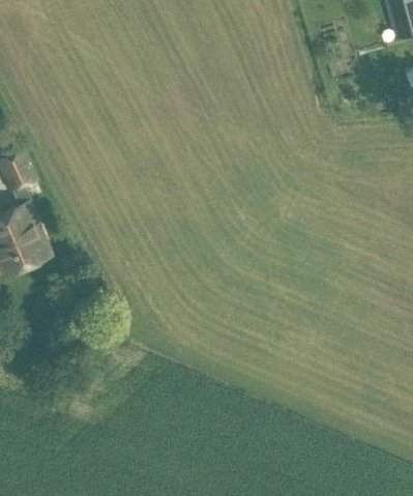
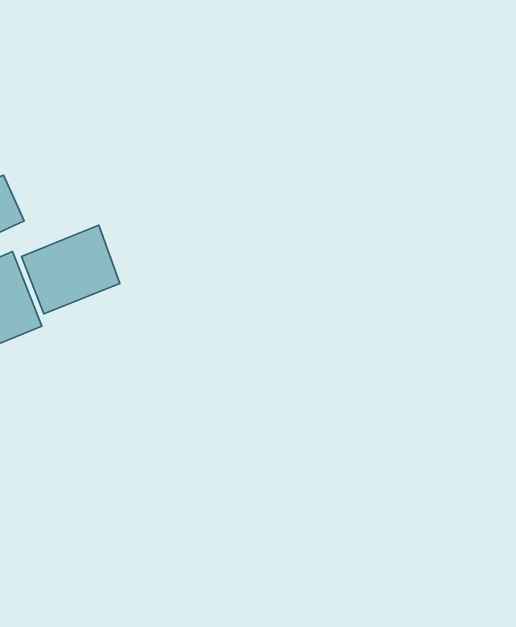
building: none -> [22,225,120,314]

